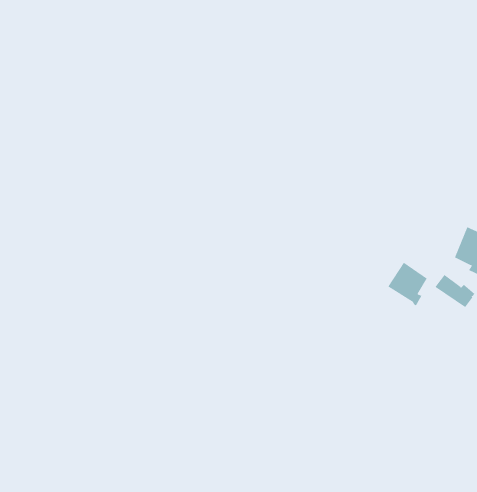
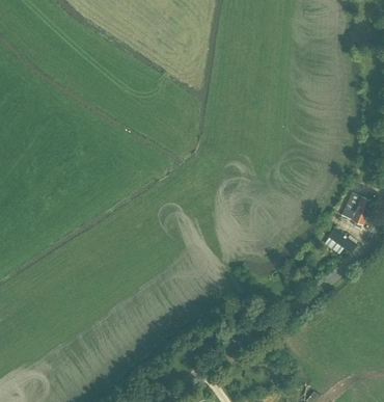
building: [388,262,428,306] -> none

